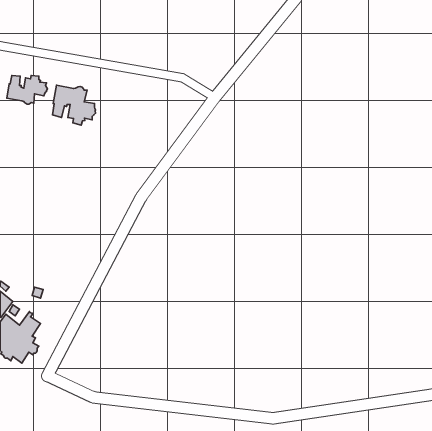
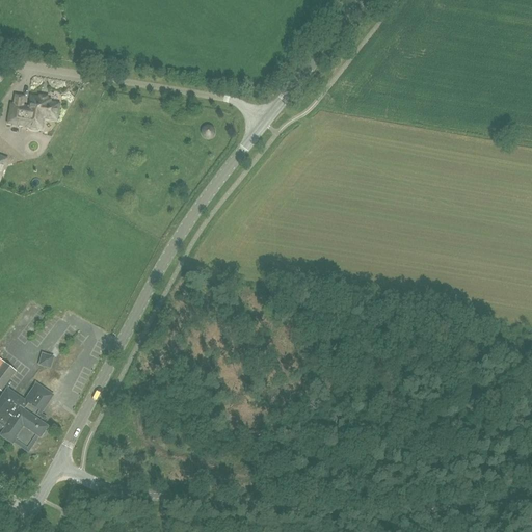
building: [52,85,96,125] -> none

